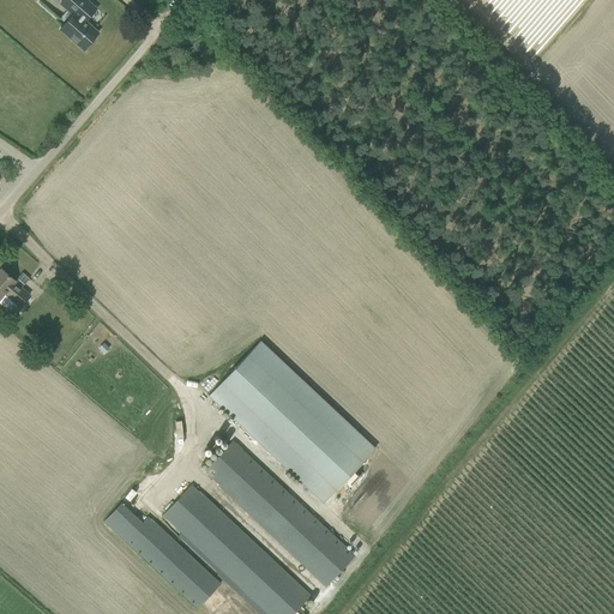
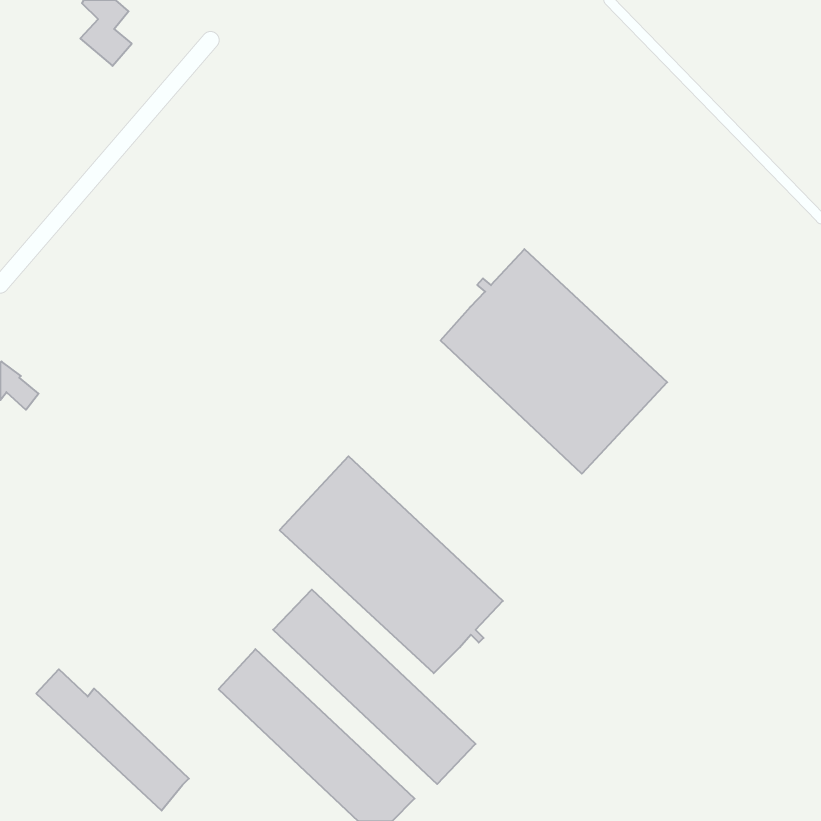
building: none -> [441,249,667,474]
building: [104,502,218,608] -> [36,669,189,811]

